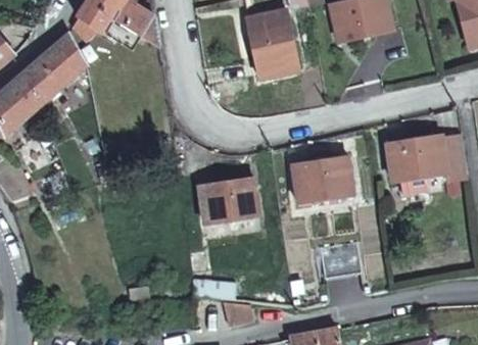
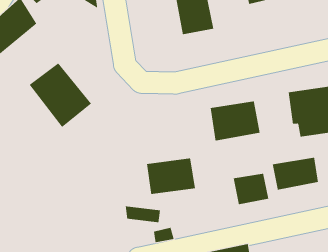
building: none -> [29,62,92,128]
building: [200,178,259,221] -> [146,158,196,195]
building: none -> [272,157,318,191]

